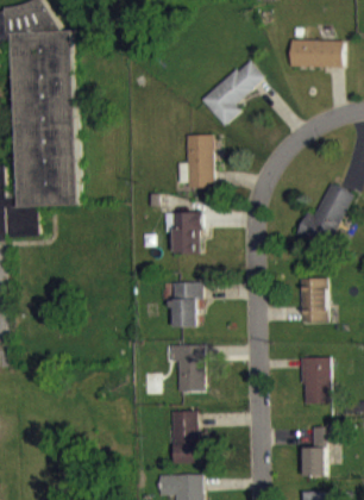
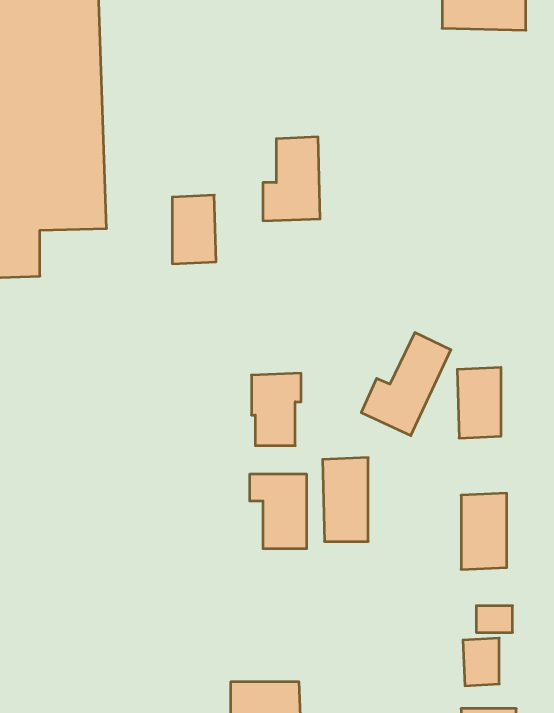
building: [200,63,263,127] -> none
building: [295,185,351,249] -> [361,333,451,436]
building: [172,213,200,256] -> [172,195,216,264]
building: [170,412,199,464] -> [323,458,368,541]

